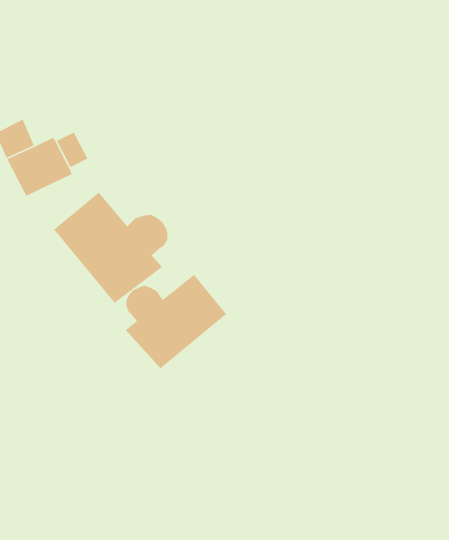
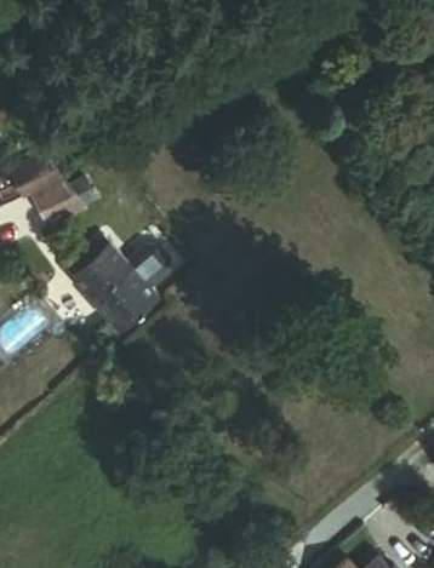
building: [125,274,227,369] -> none

